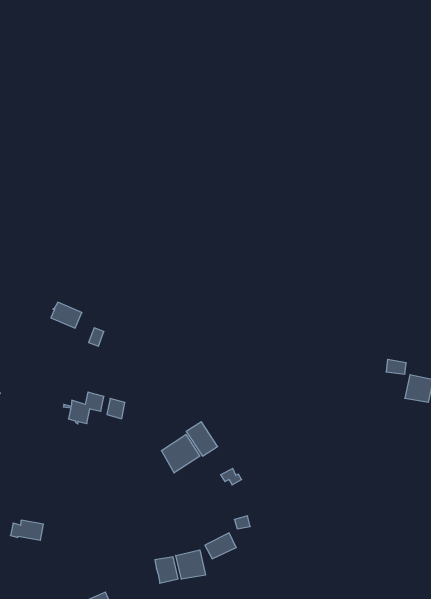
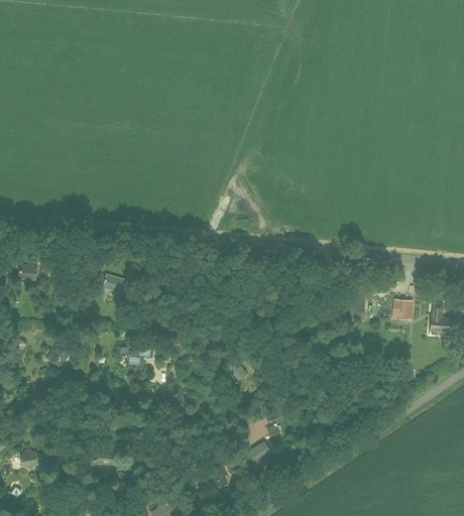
building: [161,434,200,473] -> none
building: [176,550,205,579] -> none

